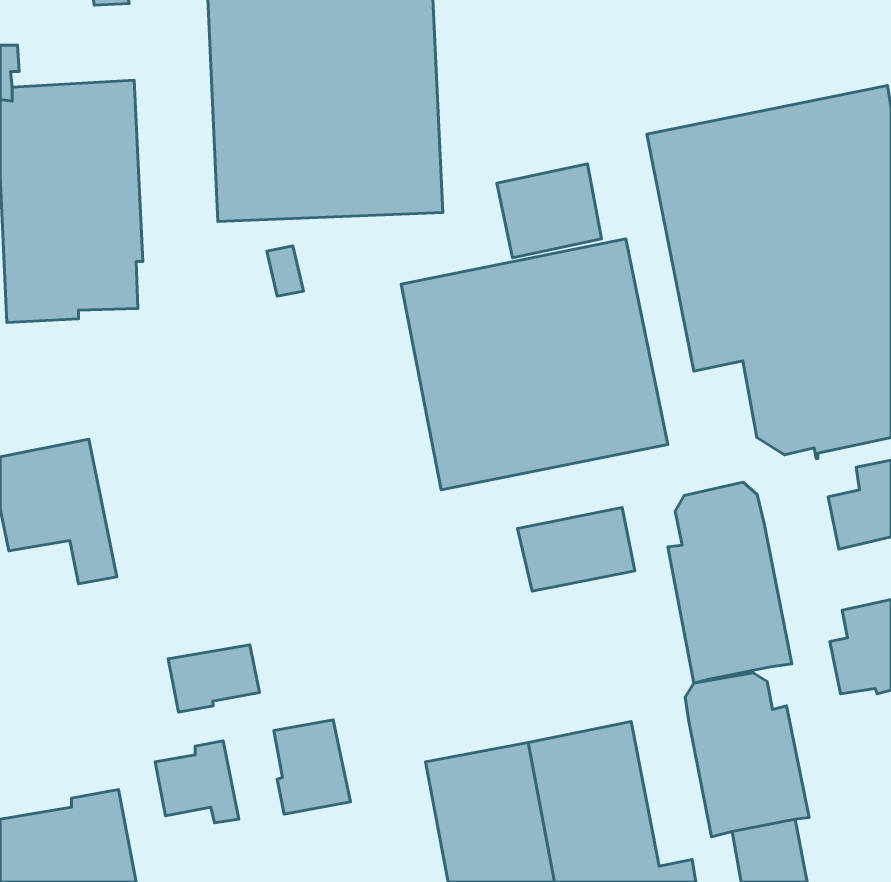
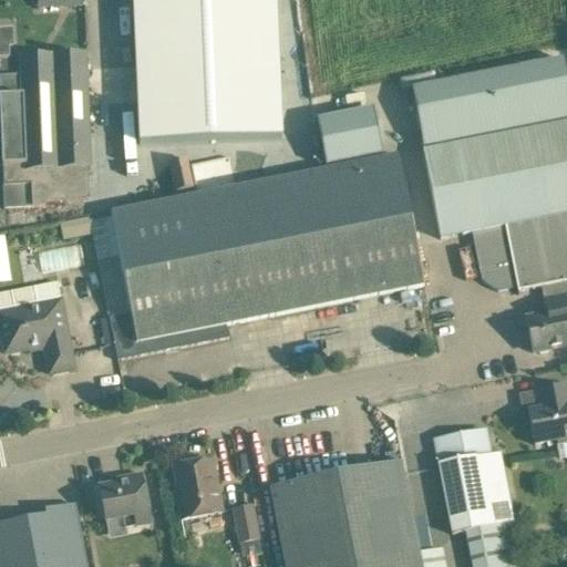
building: none -> [90,181,280,358]
building: [668,482,792,683] -> none
building: [518,508,635,591] -> none
building: [168,645,259,712] -> none
building: none -> [231,506,259,540]

